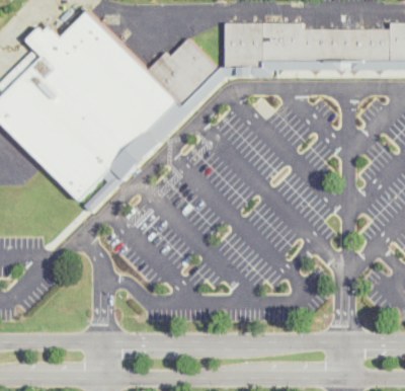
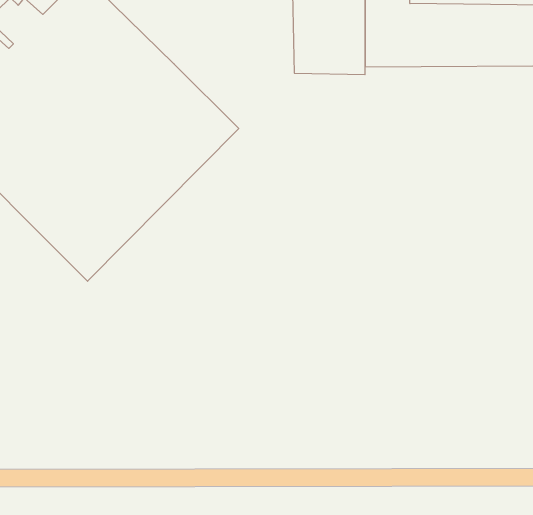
building: [146,38,225,112] -> none

